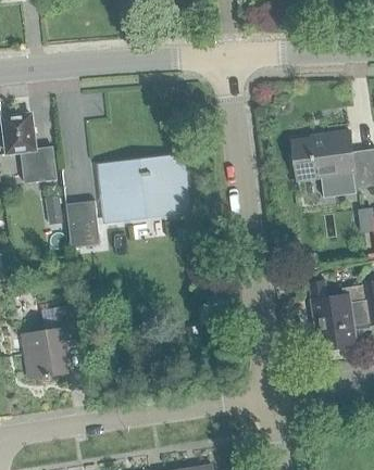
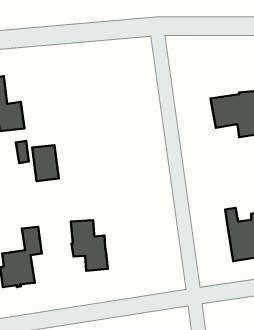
building: [98,154,189,221] -> none
building: none -> [71,220,108,271]

